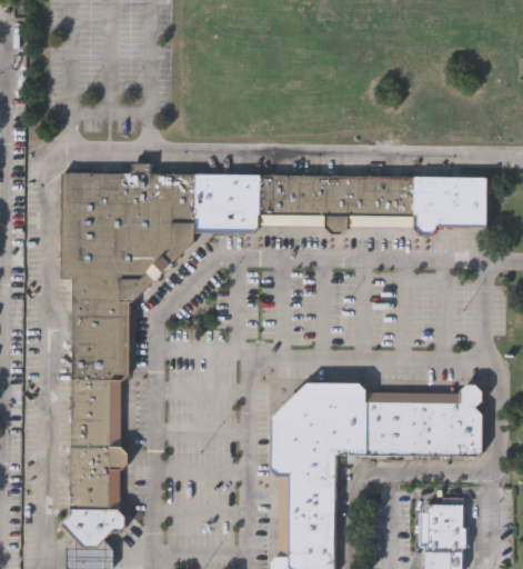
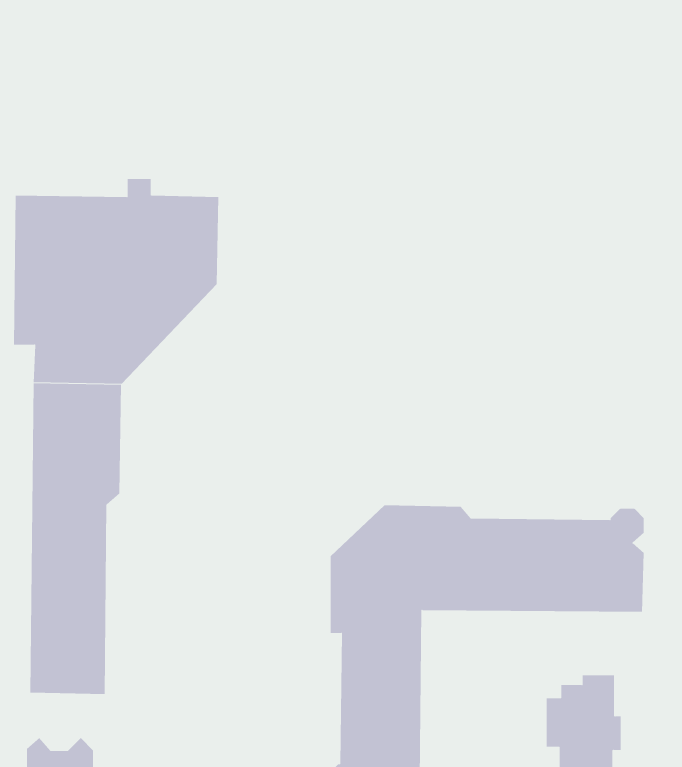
building: [195,174,487,233] -> none
building: [61,509,125,548] -> none

